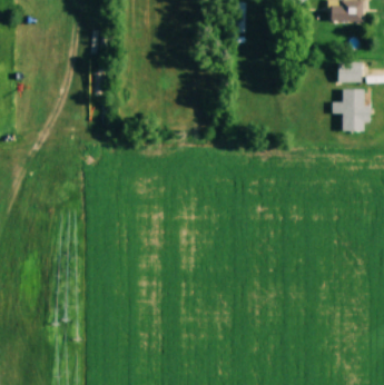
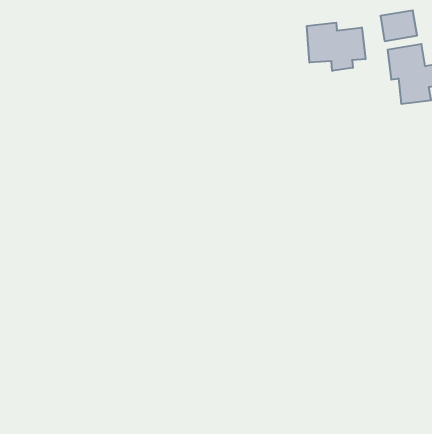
building: none -> [307,23,365,71]

